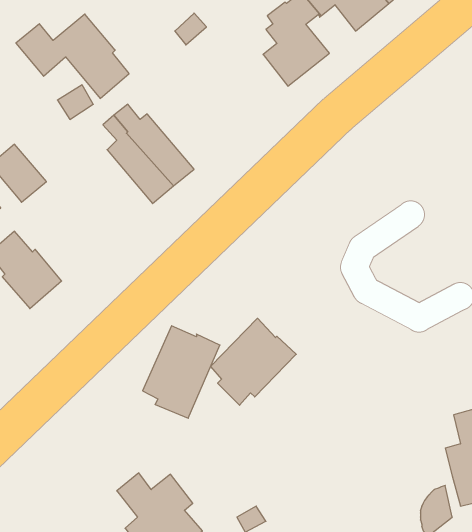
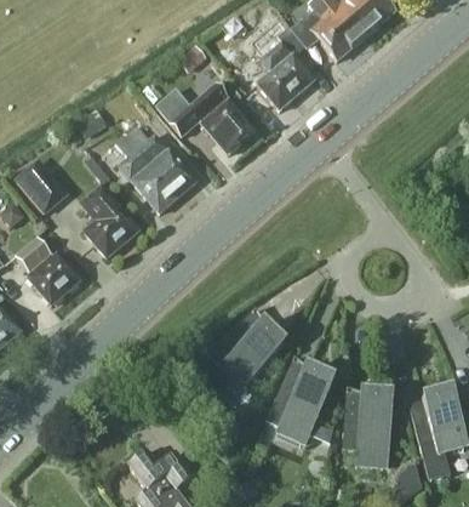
building: [16,14,129,98] -> [154,80,253,154]
building: none -> [82,186,138,257]
building: [143,326,220,418] -> [265,363,333,444]
building: none -> [342,394,391,466]

